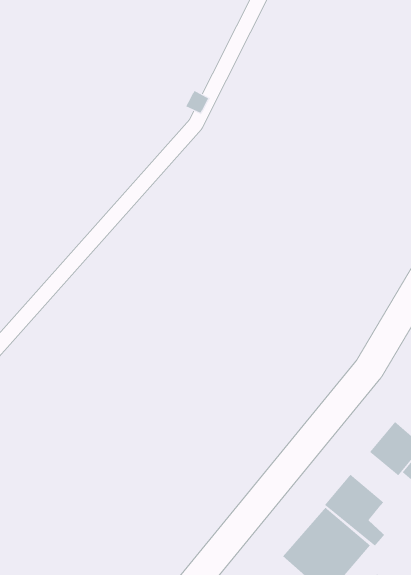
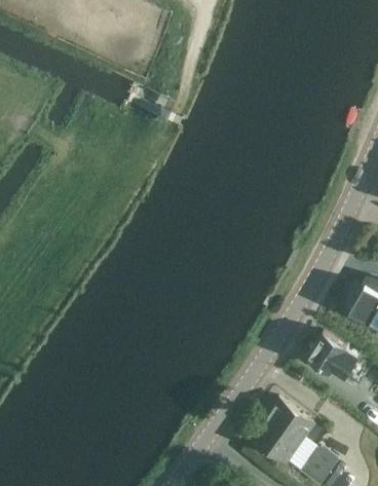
building: [324,474,385,546] -> none

